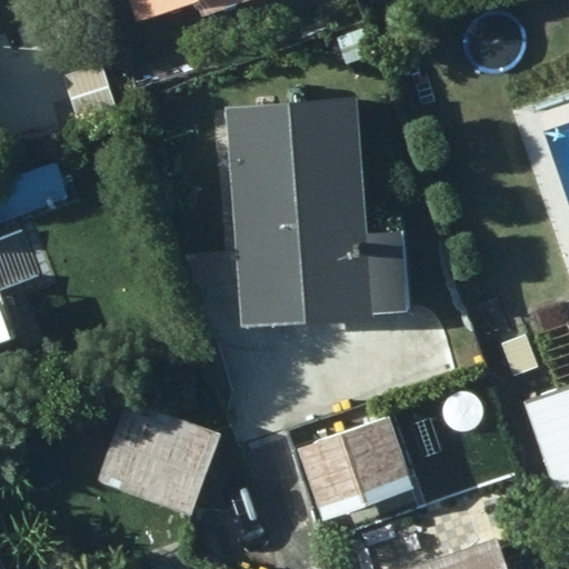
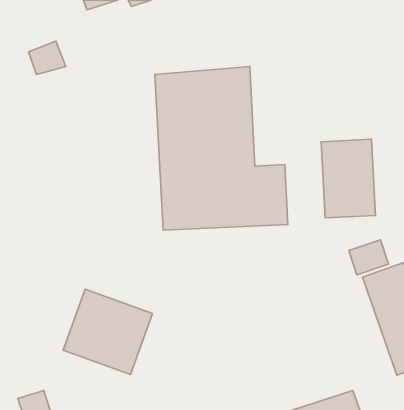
building: none -> [321,139,376,218]
building: [299,419,413,519] -> none

